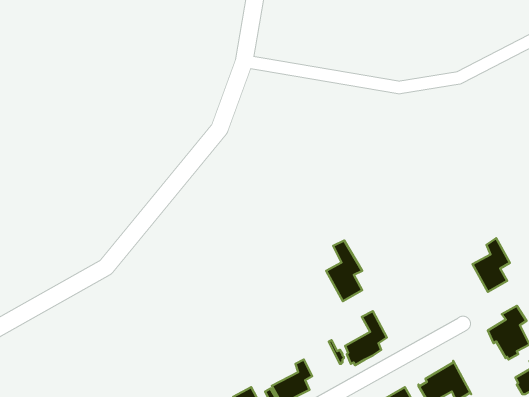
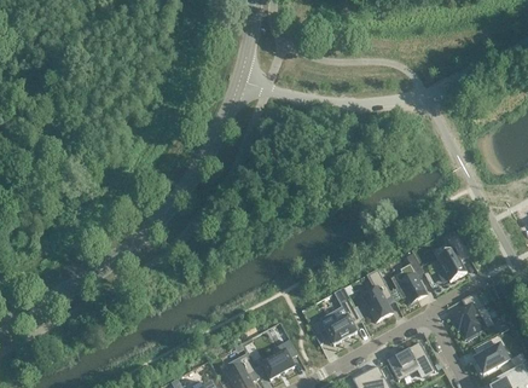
building: [326,240,362,301] -> [360,268,391,322]
building: none -> [394,253,425,302]

